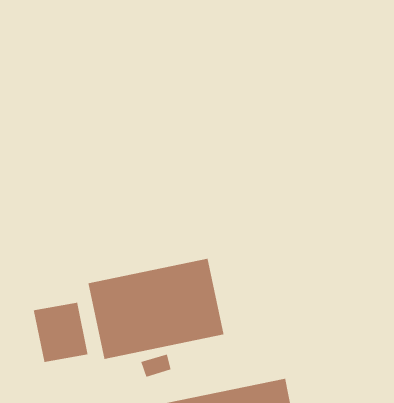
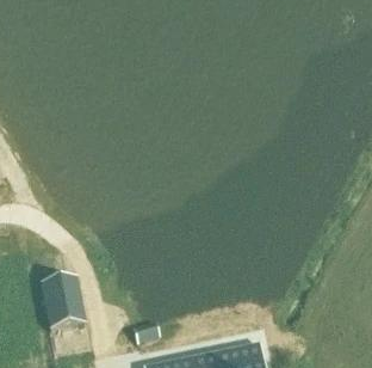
building: [87,258,225,360] -> none

